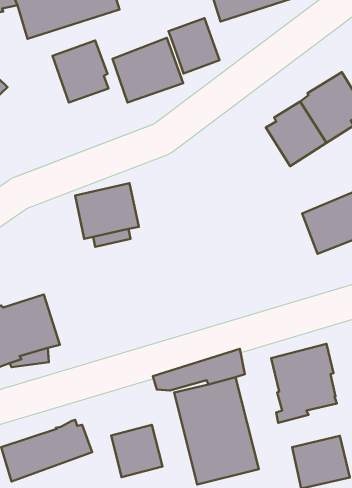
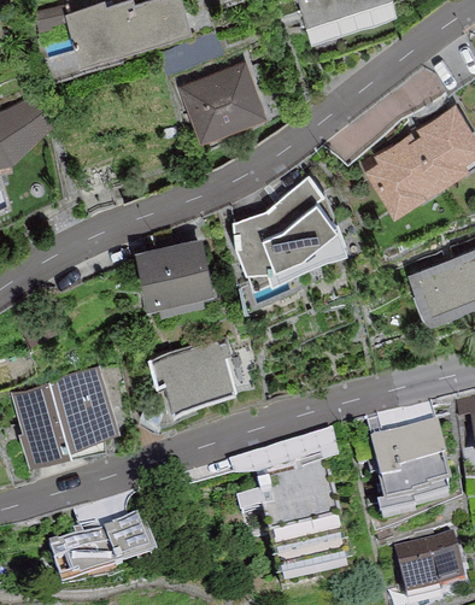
building: [169,18,219,73] -> none
building: [52,41,108,103] -> none
building: none -> [233,176,345,288]
building: none -> [148,341,235,411]
building: [111,425,163,477] -> none

